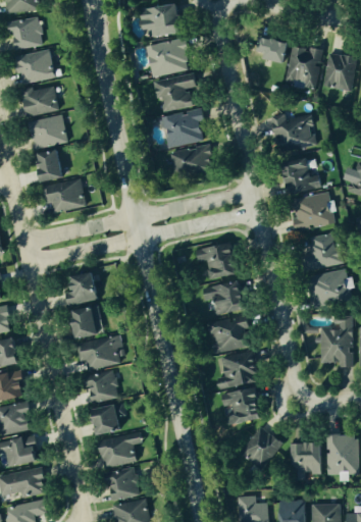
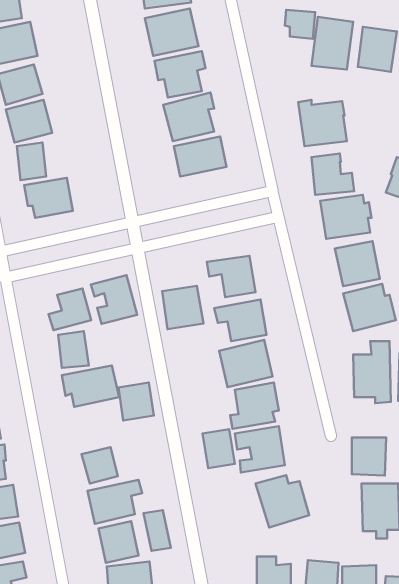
building: none -> [91,275,137,324]
building: none -> [162,286,203,329]
building: [88,370,117,402] -> [118,383,154,420]
building: none -> [203,429,235,468]
building: [294,442,322,474] -> [352,438,386,475]
building: none -> [144,510,171,551]

